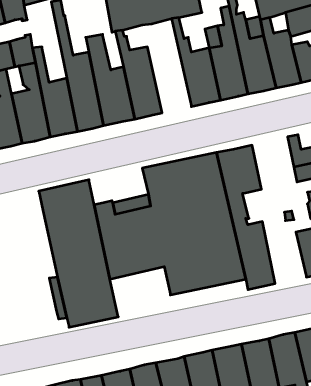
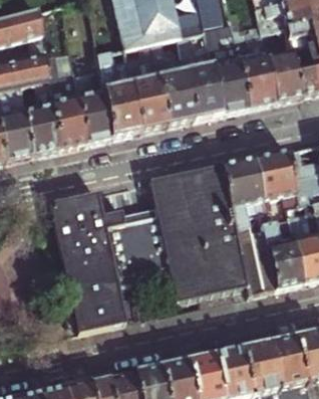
building: none -> [149,39,197,125]
building: none -> [255,148,301,205]
building: none -> [264,222,307,288]

